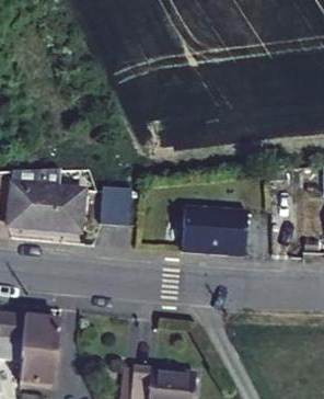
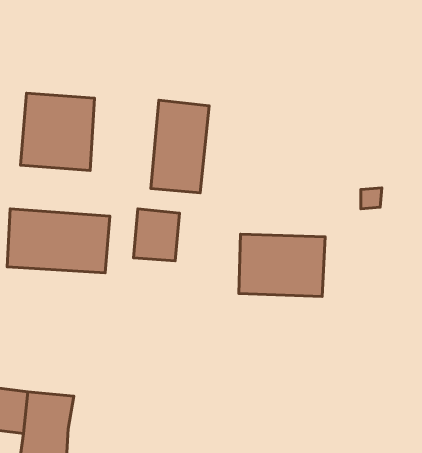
building: none -> [21,93,95,170]
building: none -> [151,100,209,193]

